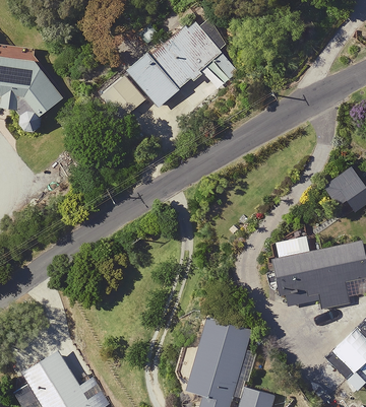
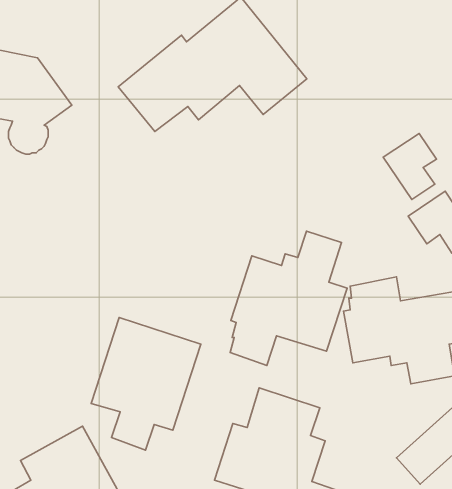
building: none -> [383,133,436,200]
building: none -> [230,231,347,366]
building: none -> [91,317,201,450]

